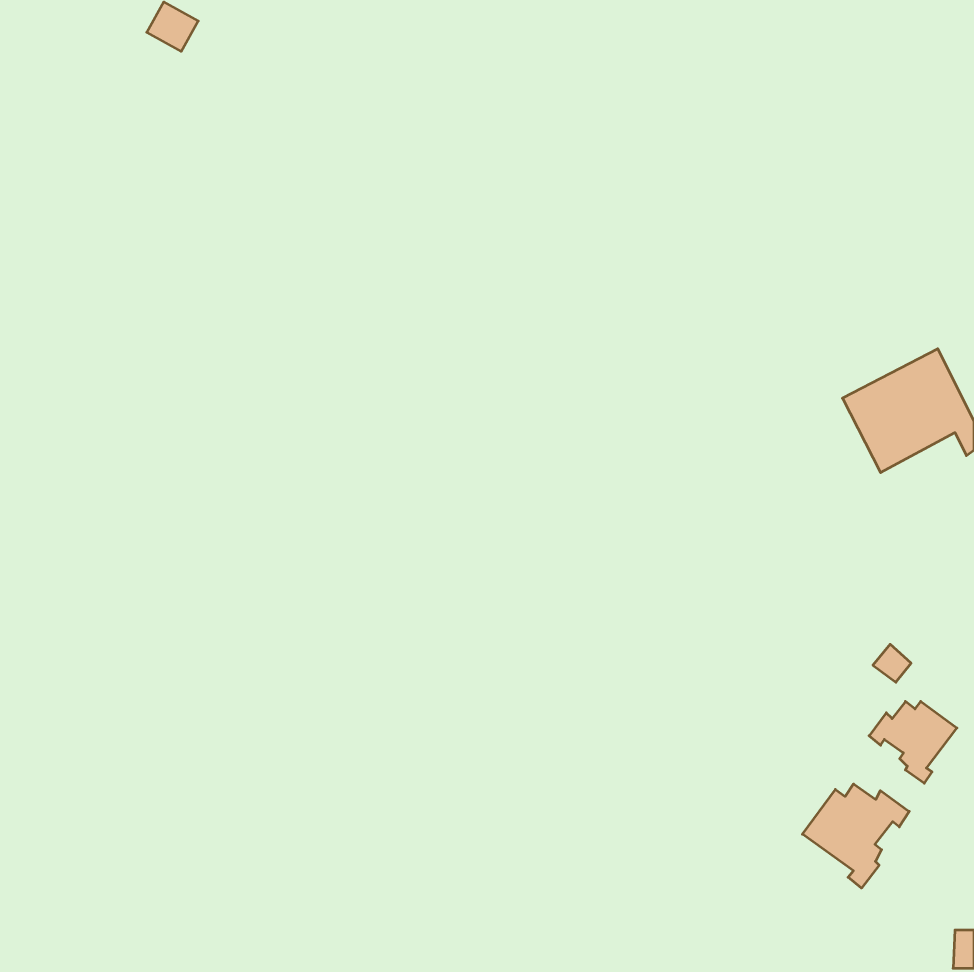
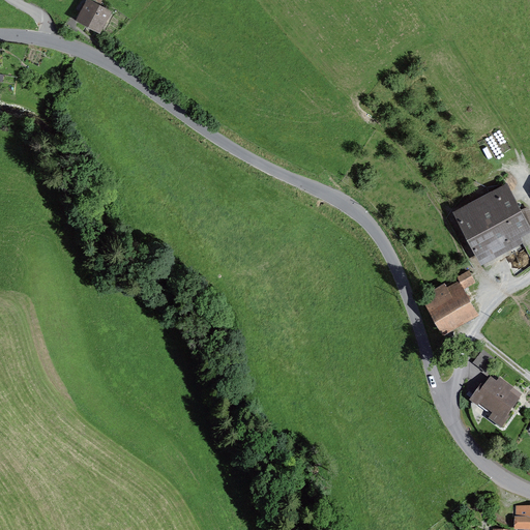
building: none -> [424,271,473,327]
building: [802,784,909,888] -> none

